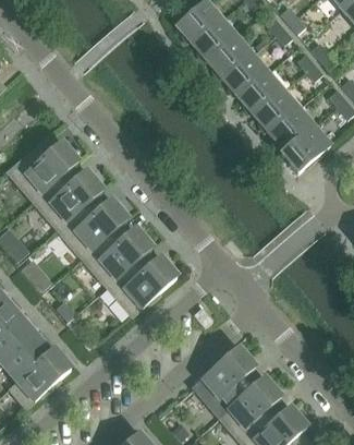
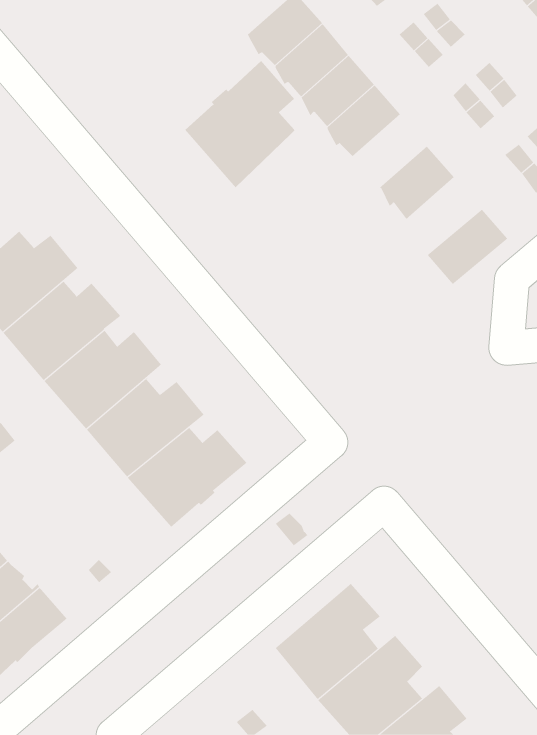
building: none -> [184,60,310,188]
building: [240,71,283,115] -> none
building: [271,108,316,154] -> none

